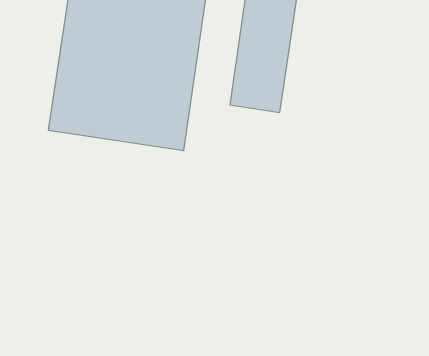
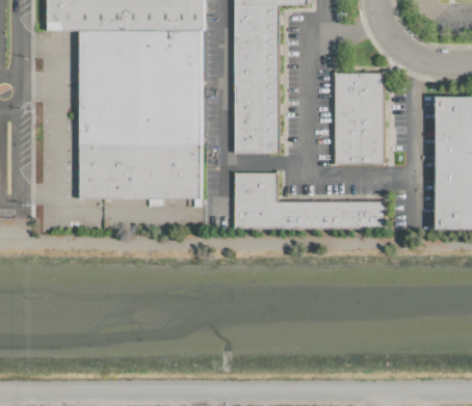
building: none -> [334,72,384,163]
building: none -> [234,172,386,228]

